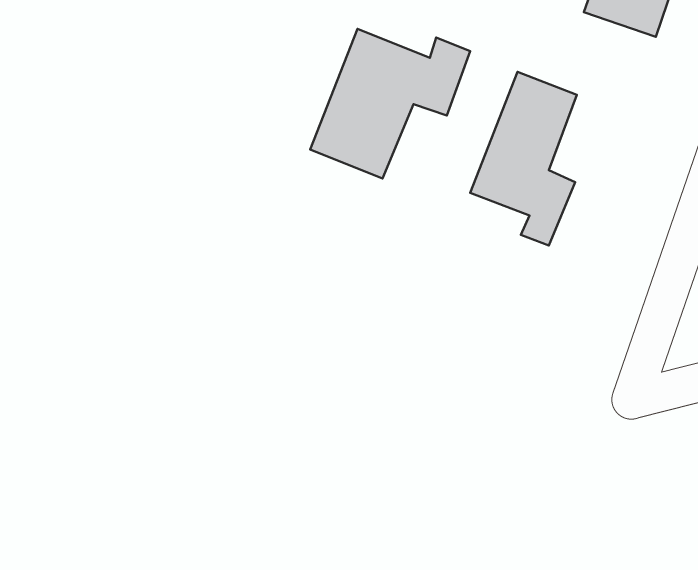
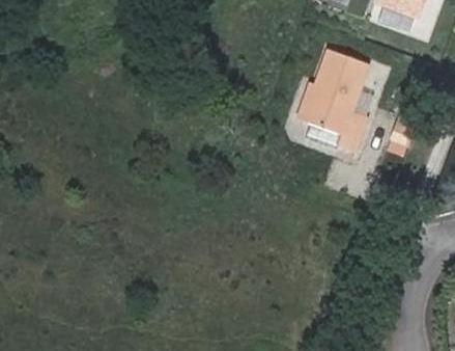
building: [310,29,470,179] -> none

